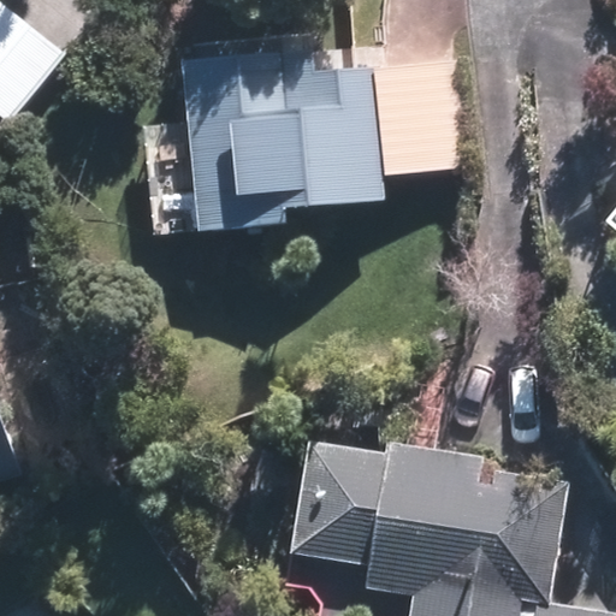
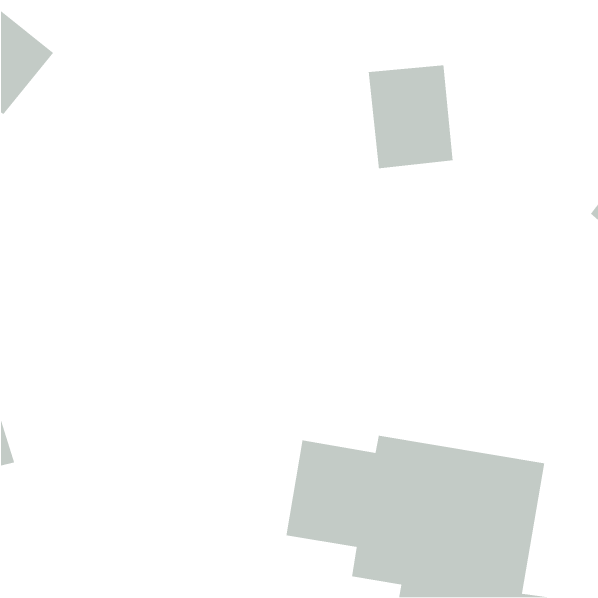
building: [185,58,379,227] -> none

